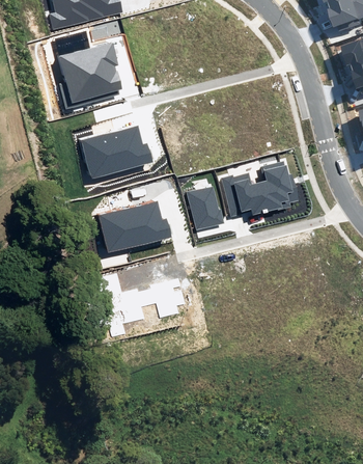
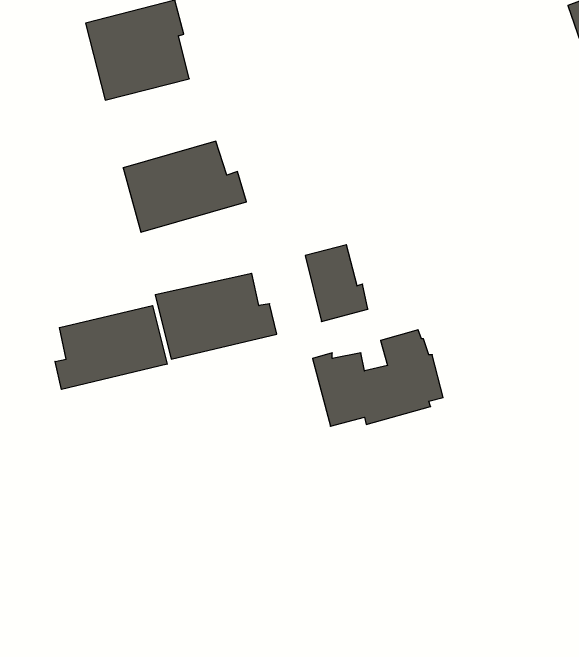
building: [221,160,297,216] -> [313,330,443,426]
building: none -> [55,306,167,389]

